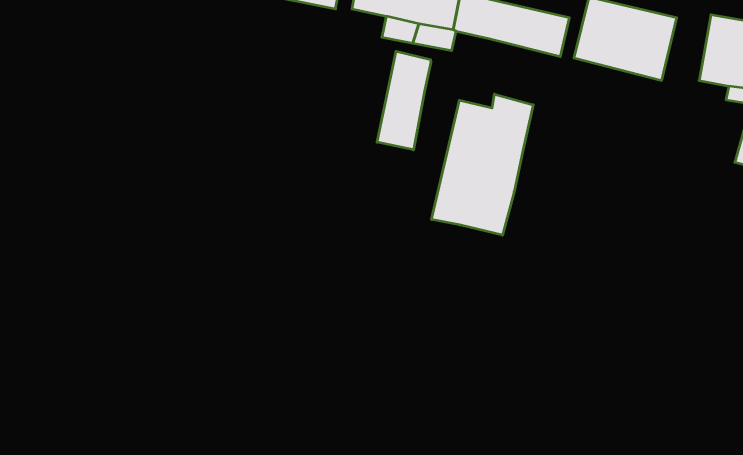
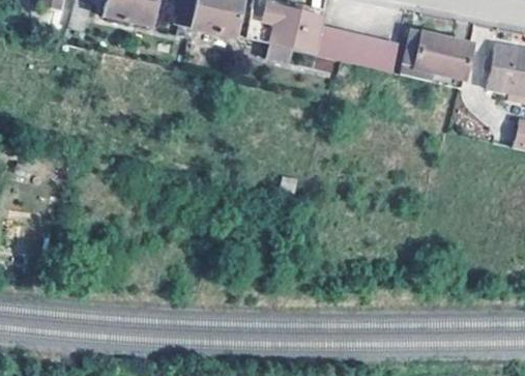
building: [377,51,431,150] -> none
building: [432,94,533,235] -> none

